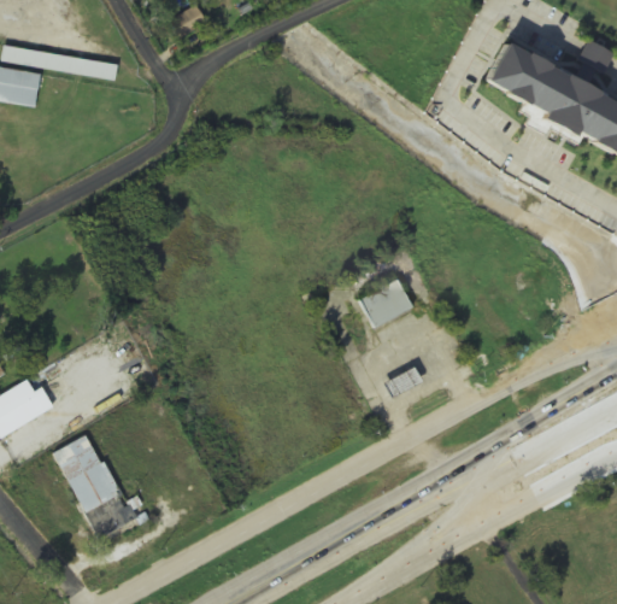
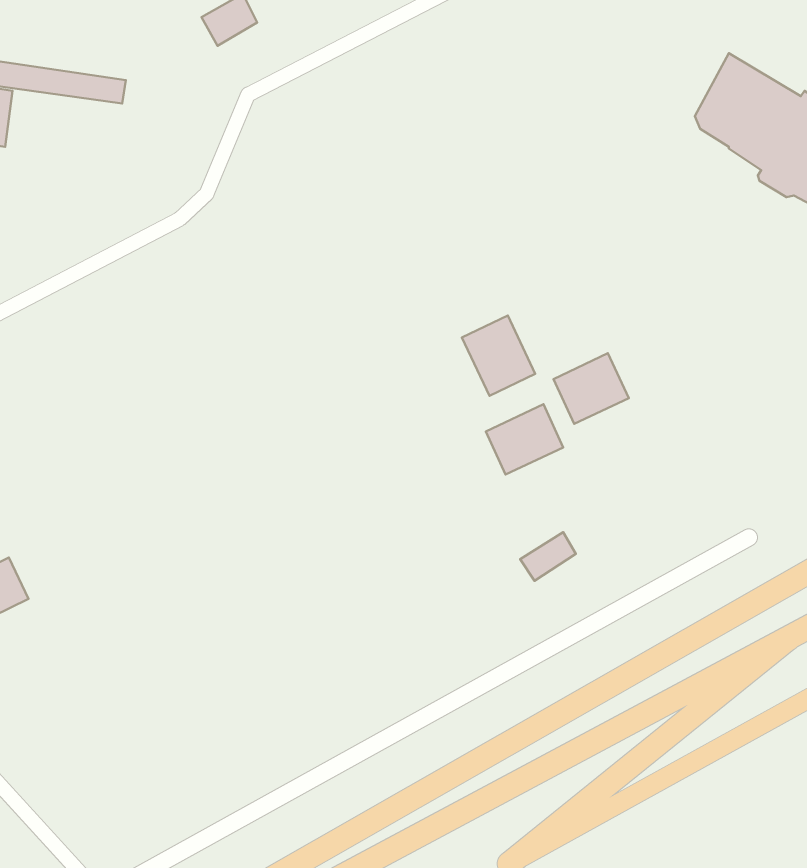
building: none -> [462,315,535,396]
building: none -> [553,353,629,424]
building: [54,433,142,538] -> none

